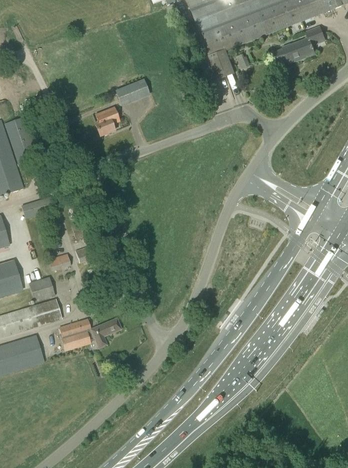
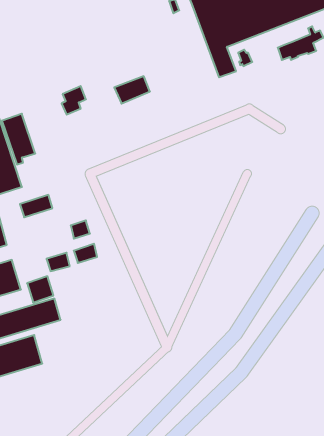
building: [96,106,120,134] -> [62,86,86,115]
building: [60,317,122,350] -> none

